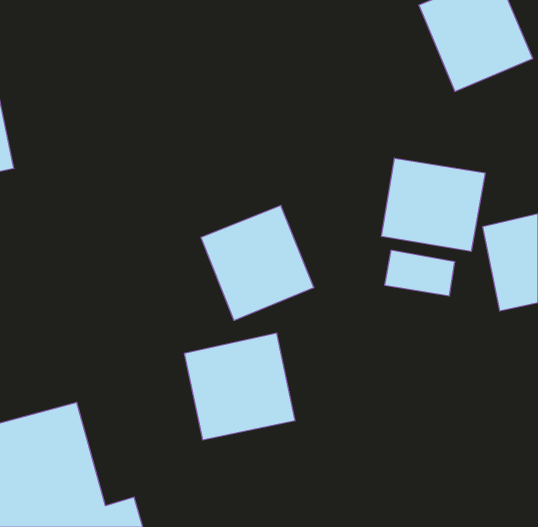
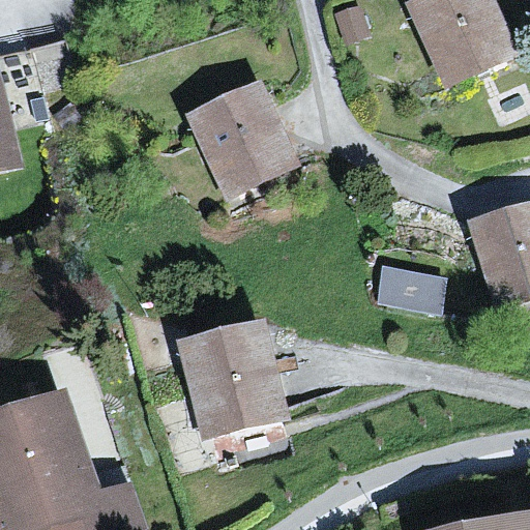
building: [382,158,485,251] -> none
building: [201,205,314,320] -> [189,85,299,197]

